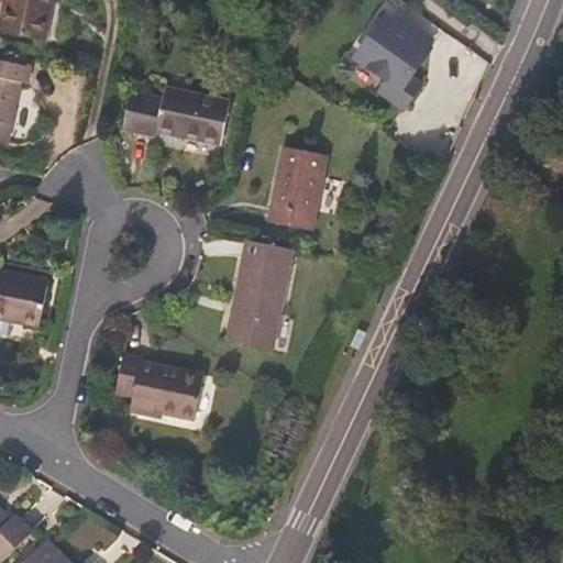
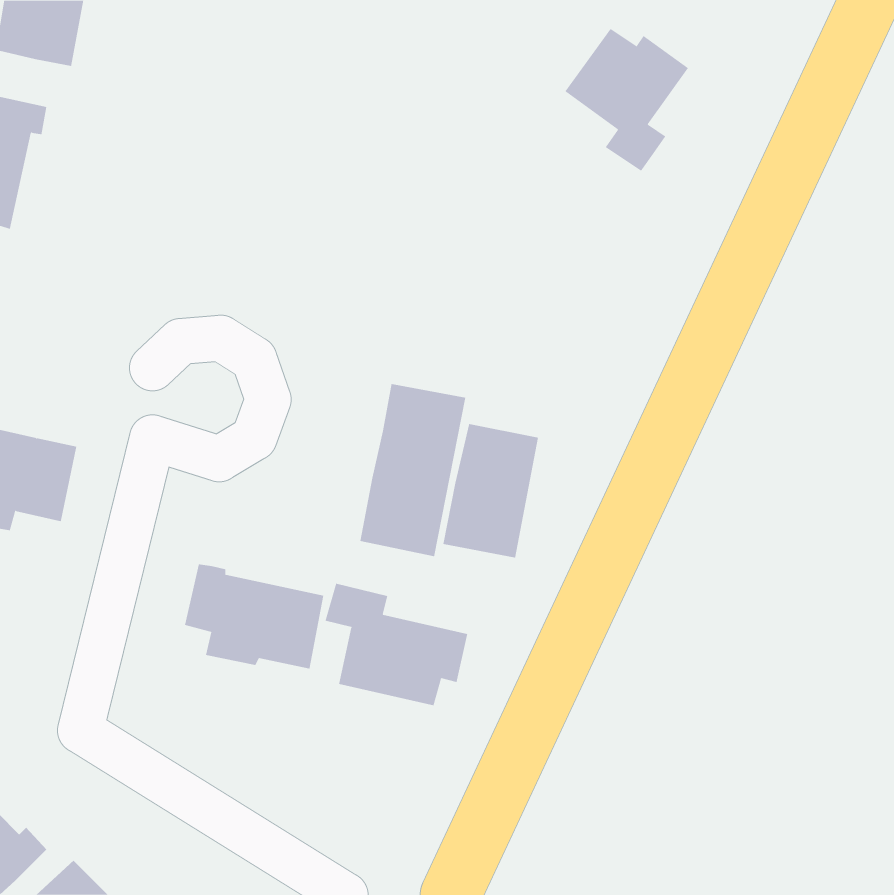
building: [122,88,229,145] -> none
building: [266,146,327,231] -> [442,423,539,558]
building: none -> [325,583,468,706]

